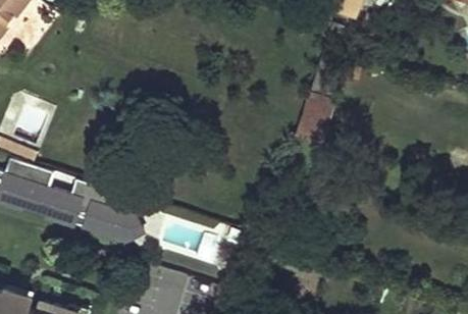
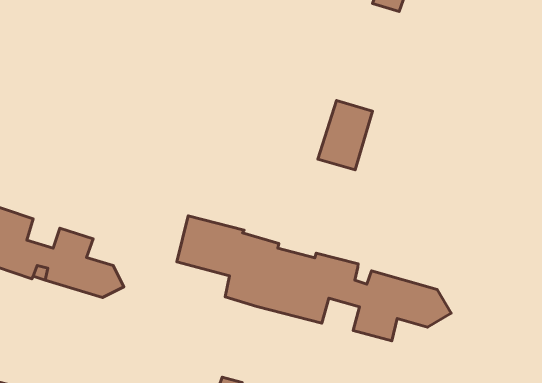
building: none -> [177,216,451,341]

